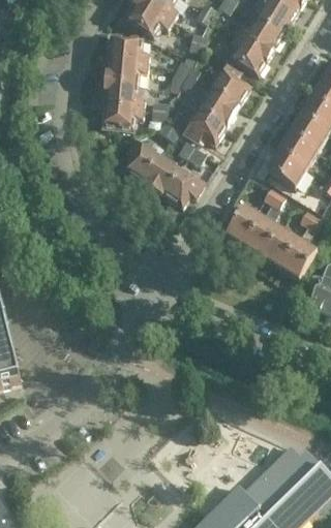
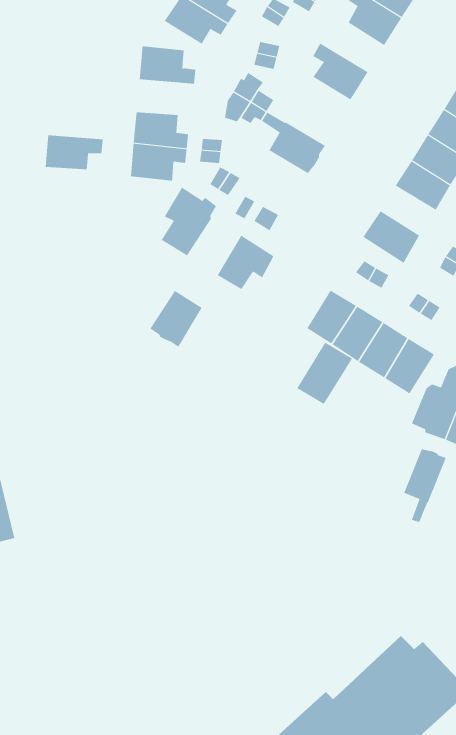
building: [235,19,280,54] -> none
building: [106,59,147,84] -> [45,135,104,170]
building: [210,63,250,105] -> none
building: [183,108,227,144] -> none
building: [277,133,317,168] -> none
building: [142,156,179,196] -> [150,290,203,348]
building: none -> [296,342,353,405]
building: none -> [404,449,447,523]

